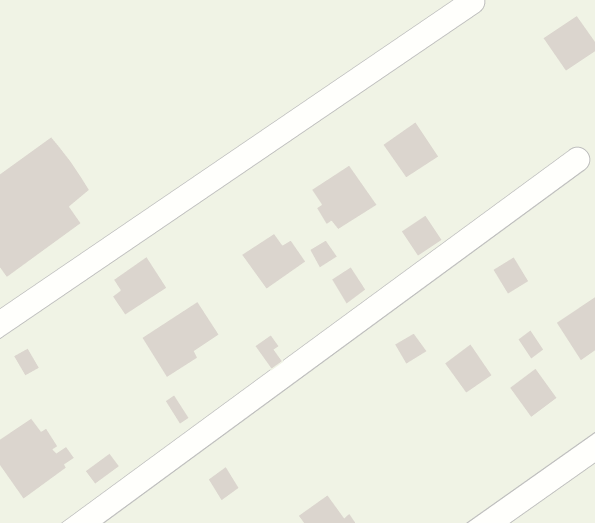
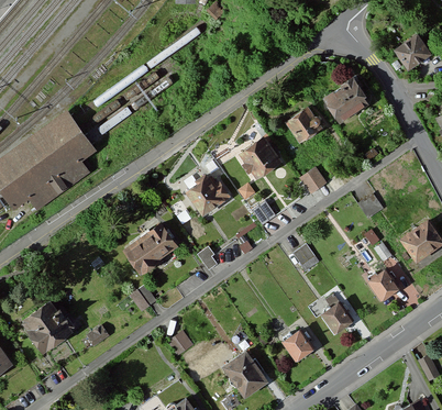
building: none -> [322,77,367,121]
building: [112,256,167,315] -> none
building: [444,344,493,394] -> [321,300,353,333]
building: none -> [280,328,313,361]

